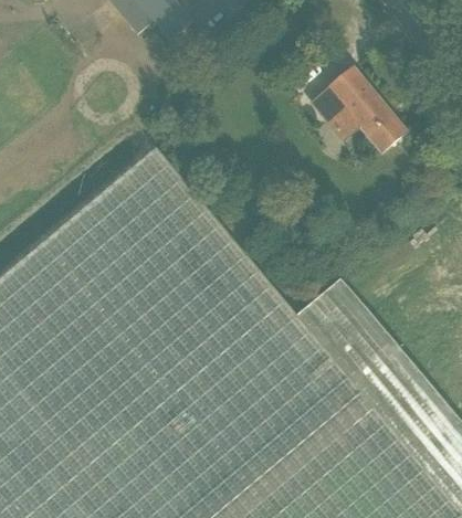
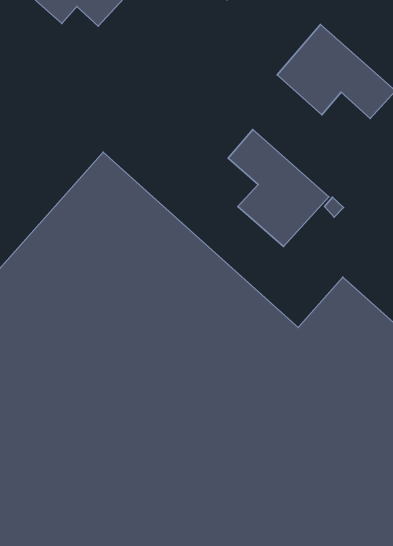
building: none -> [228,129,329,246]

